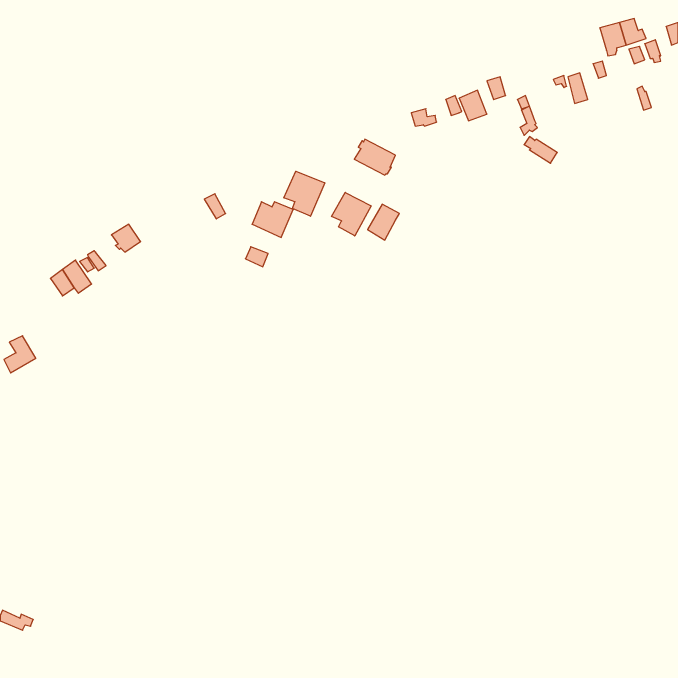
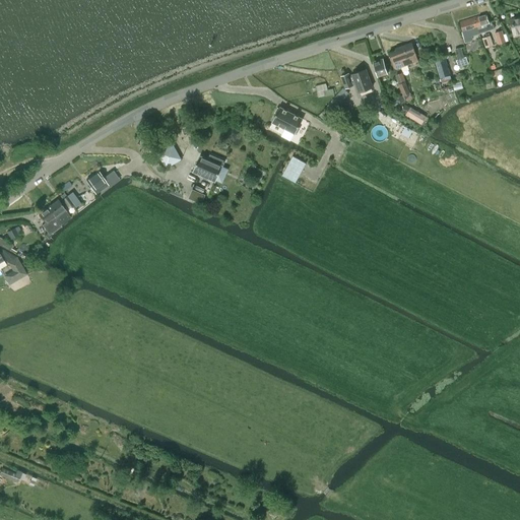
building: none -> [389,43,417,69]
building: [284,171,325,216] -> none
building: [332,192,371,236] -> none

